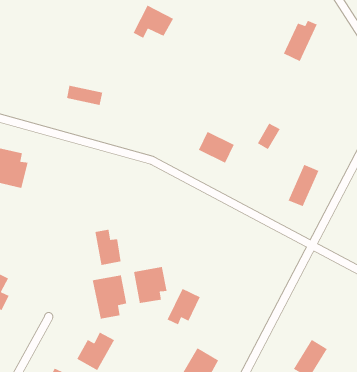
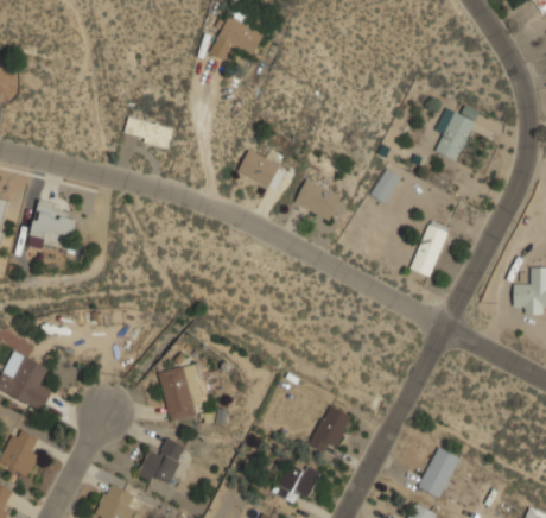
building: [283,20,318,62] -> [434,107,480,162]
building: none -> [237,149,287,191]
building: [94,229,122,266] -> none
building: [133,266,167,304] -> none
building: [167,288,201,326] -> [309,404,353,453]

